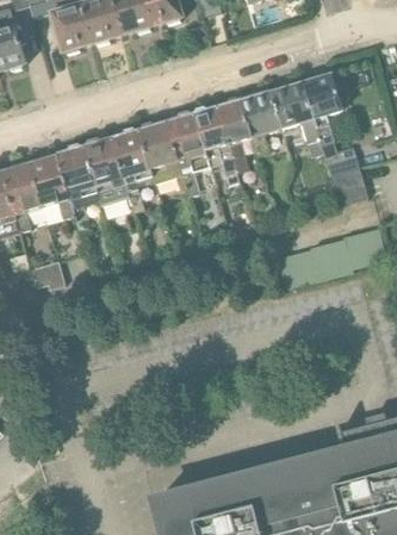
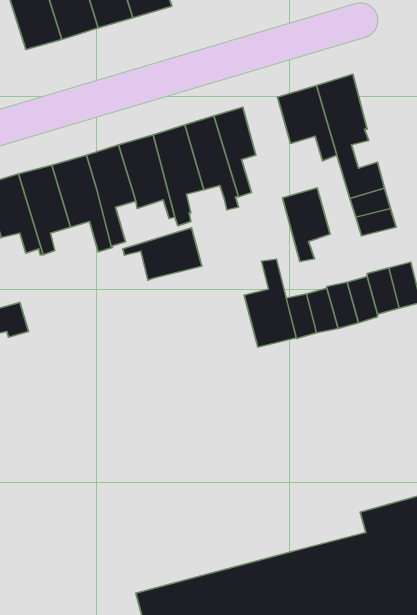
building: [242,91,281,151] -> [283,188,330,262]
building: none -> [123,228,202,280]
building: none -> [244,259,296,347]

